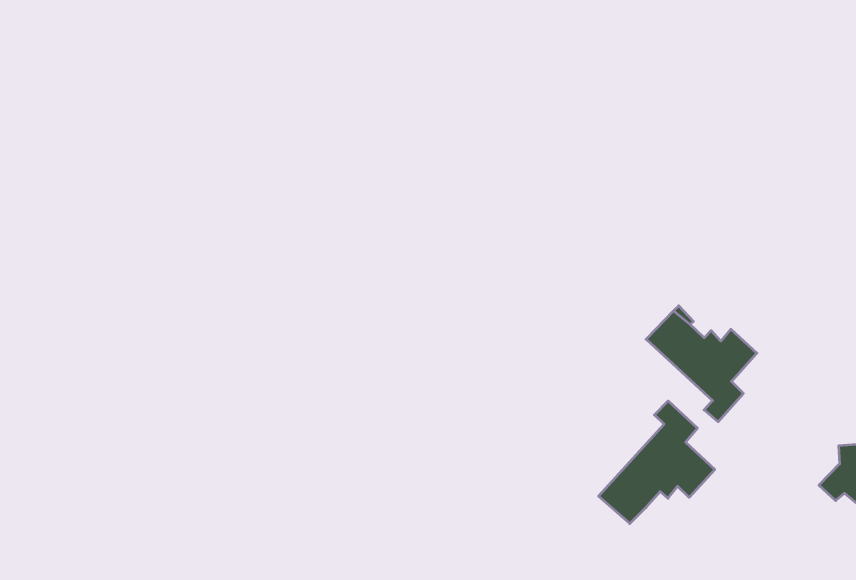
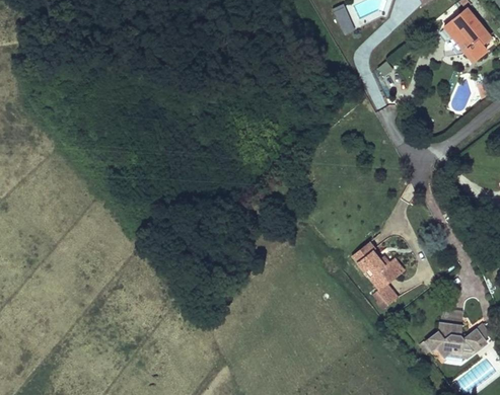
building: [599,401,715,524] -> none

